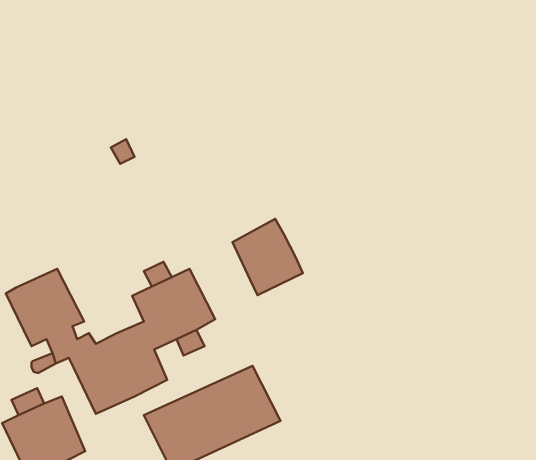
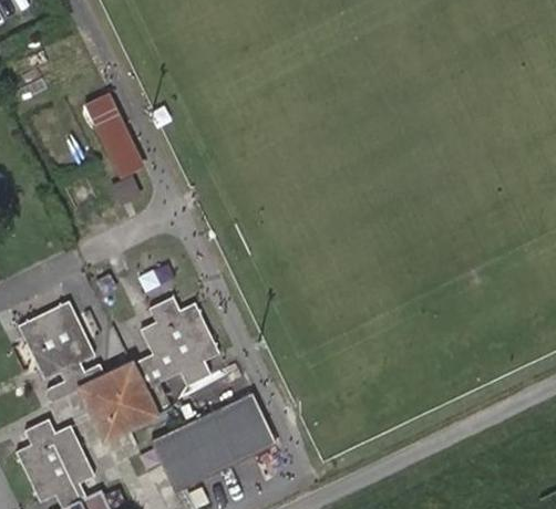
building: none -> [84,93,140,179]
building: [233,219,303,295] -> none

